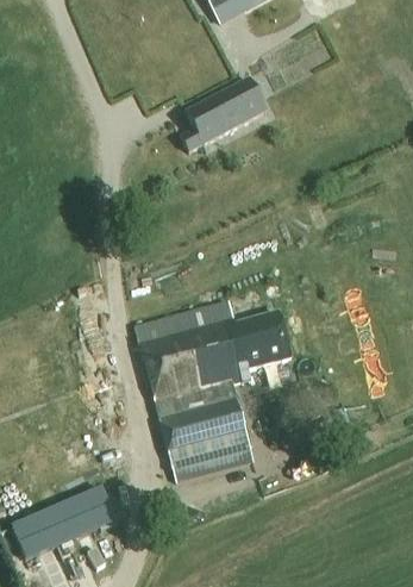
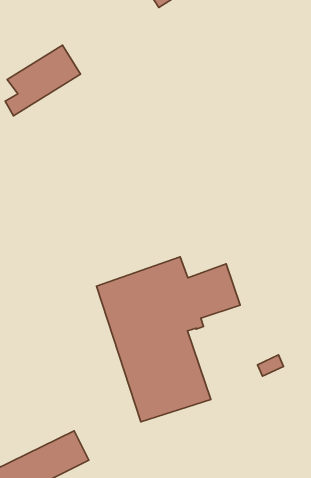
building: [182,76,267,151] -> [5,45,80,116]

